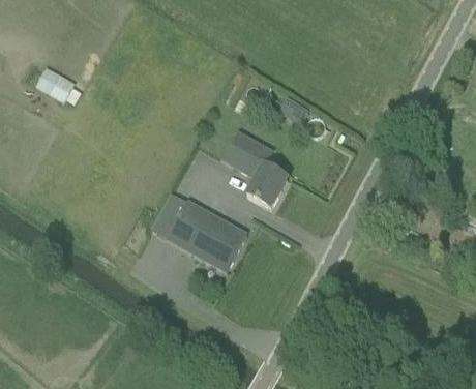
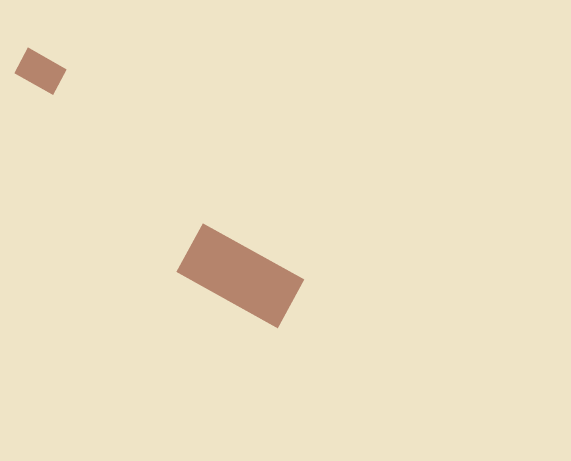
building: [222,130,287,207] -> none

